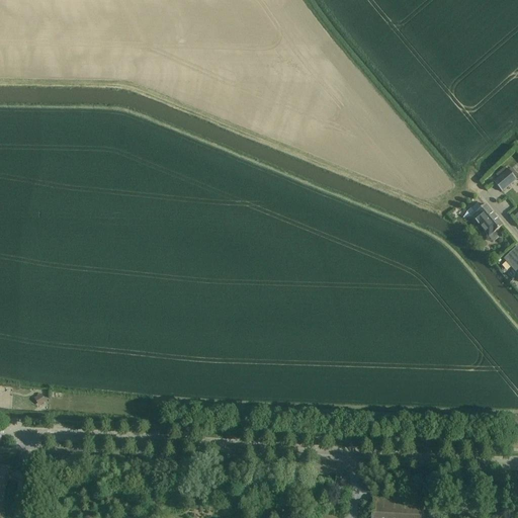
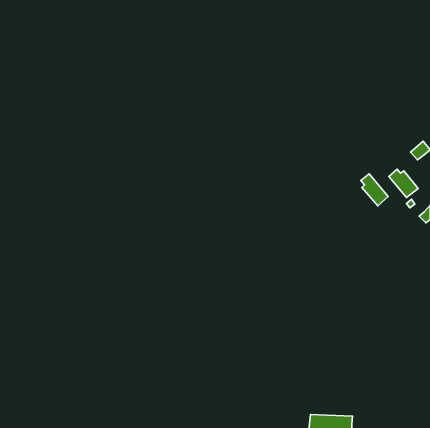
building: none -> [361,174,388,206]

